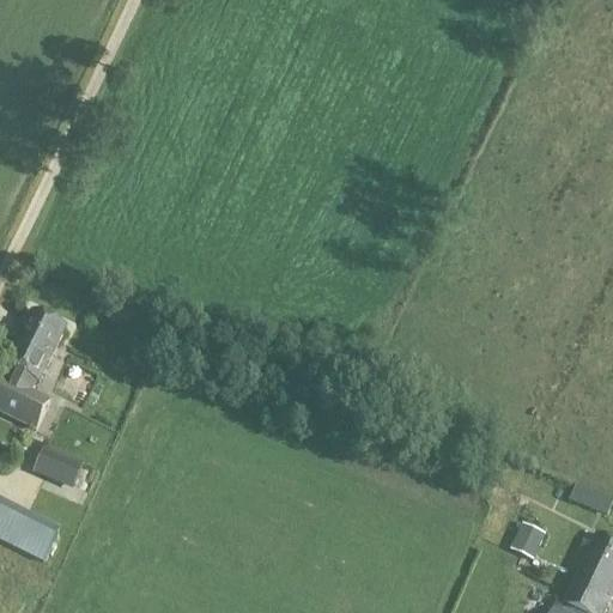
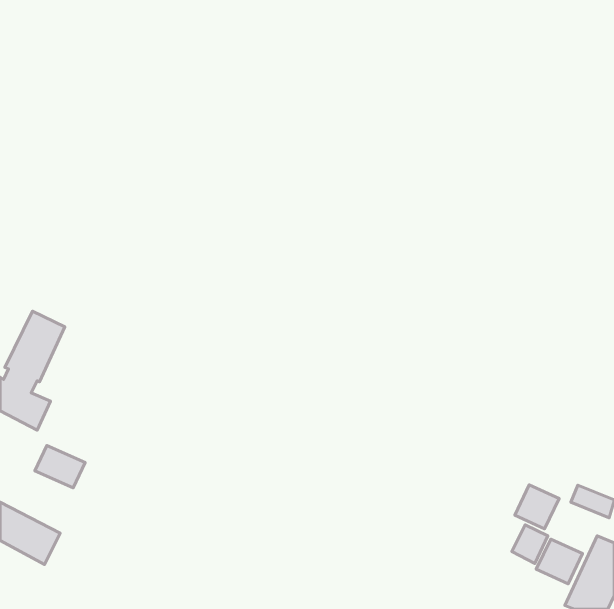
building: none -> [515,485,559,529]
building: none -> [536,539,583,584]

